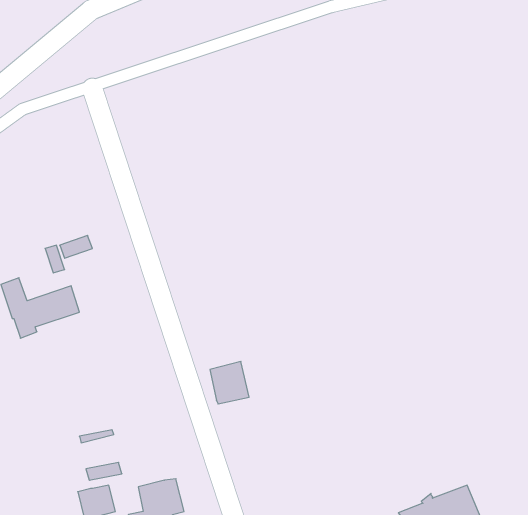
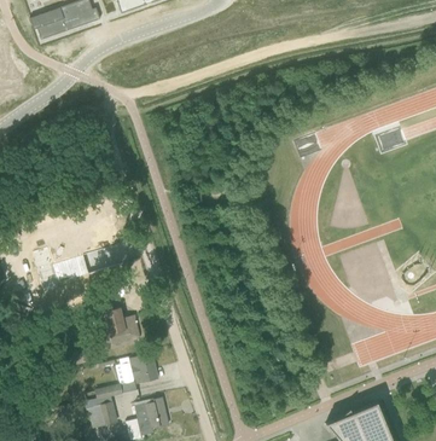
building: none -> [104,307,140,346]
building: [210,361,249,404] -> [129,353,158,384]

